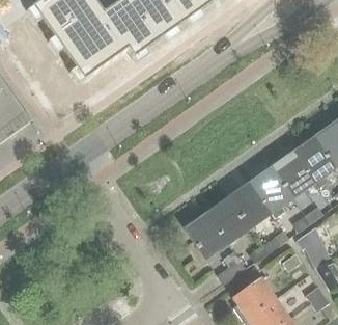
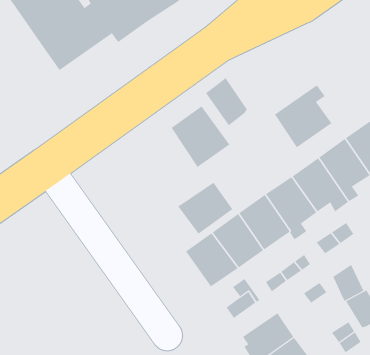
building: none -> [205,77,247,126]
building: none -> [274,84,332,148]
building: none -> [171,106,230,168]
building: none -> [178,182,233,234]

